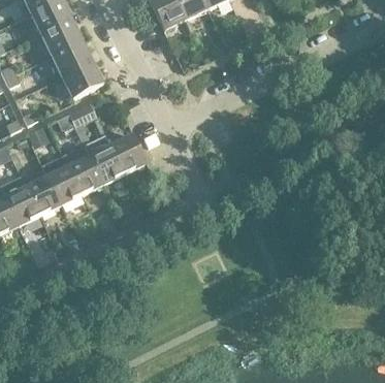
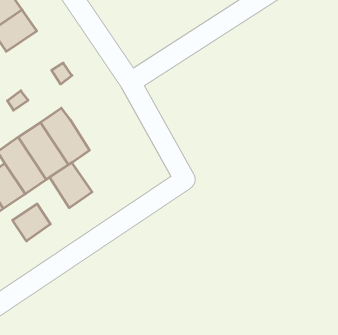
building: [62,60,103,97] -> none
building: [110,133,147,173] -> [50,162,92,208]
building: none -> [13,204,50,241]

